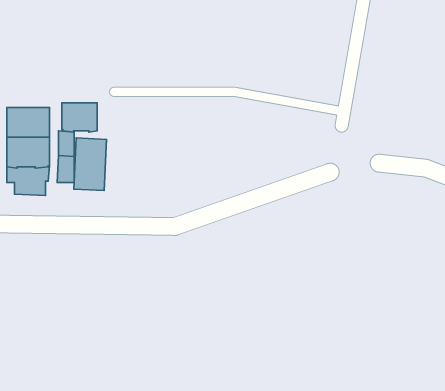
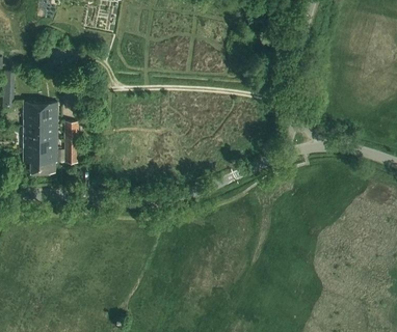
building: [62,103,97,132] -> none
building: [74,138,107,191] -> none

